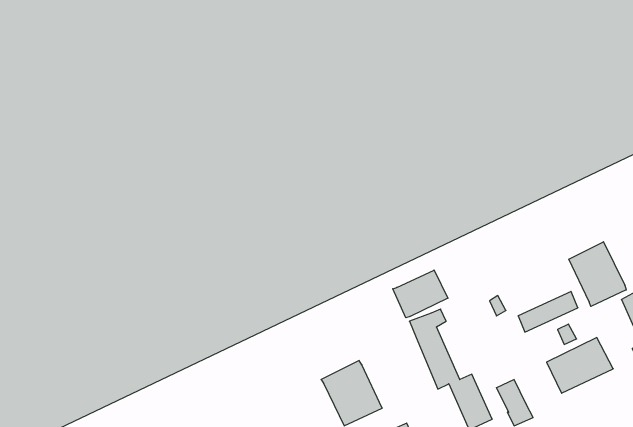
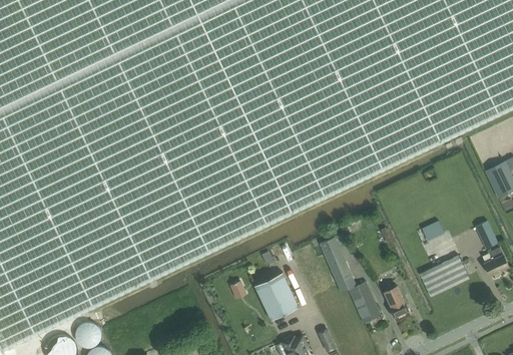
building: [569,242,626,306] -> none
building: [393,270,448,318] -> none

